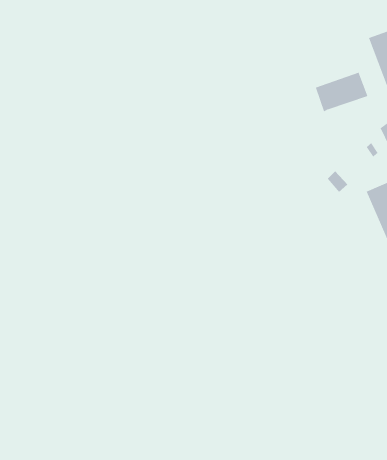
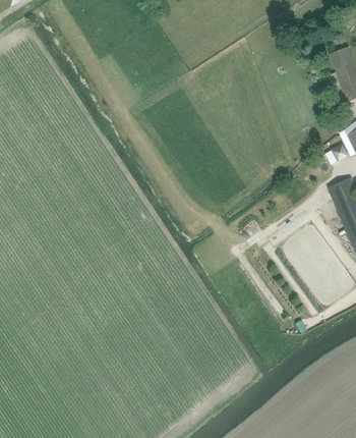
building: [315,72,368,113] -> none

